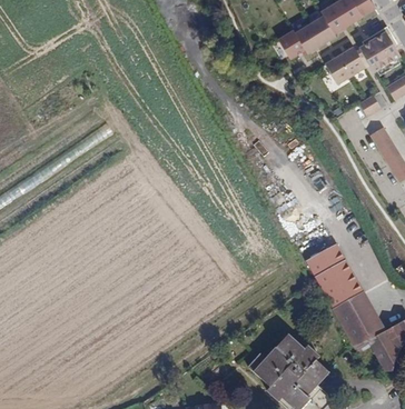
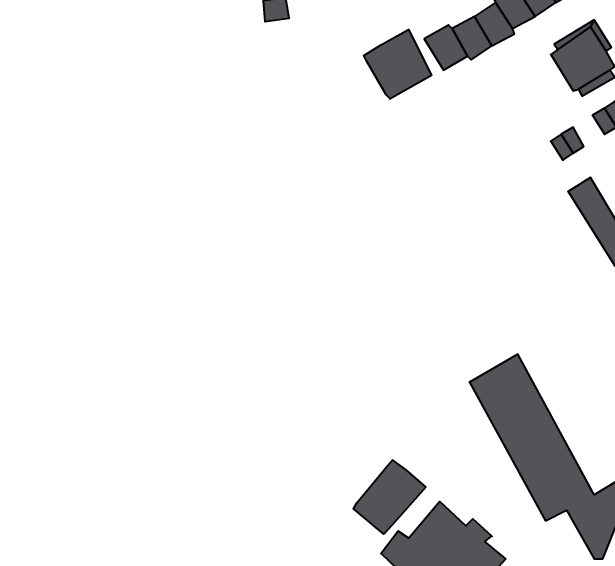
building: none -> [364,30,431,99]
building: [324,46,365,83] -> none
building: none -> [353,460,426,534]

